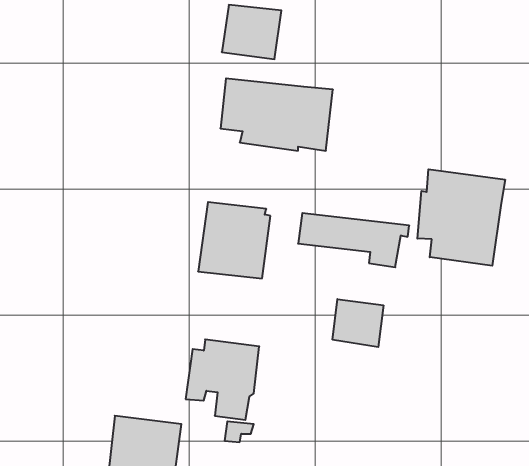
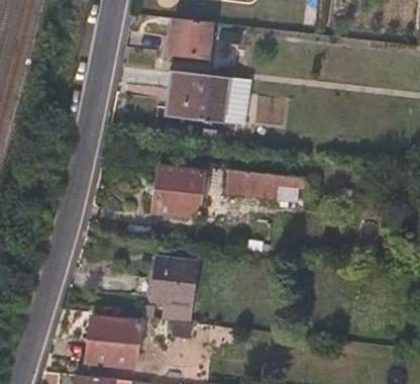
building: [417,169,505,266] -> none
building: [333,299,383,347] -> none

